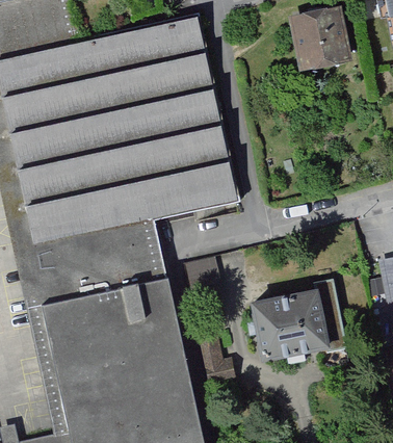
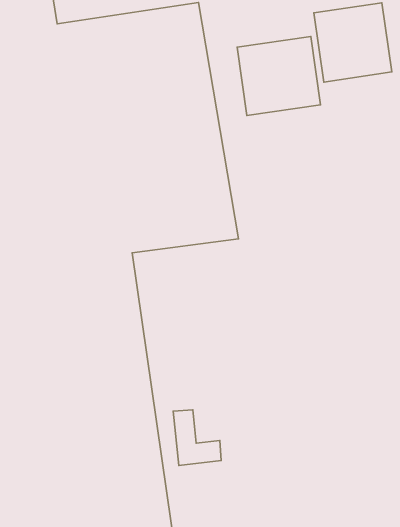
building: none -> [237,36,320,115]
building: [252,284,344,368] -> none

